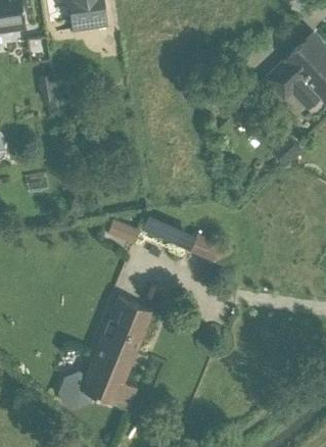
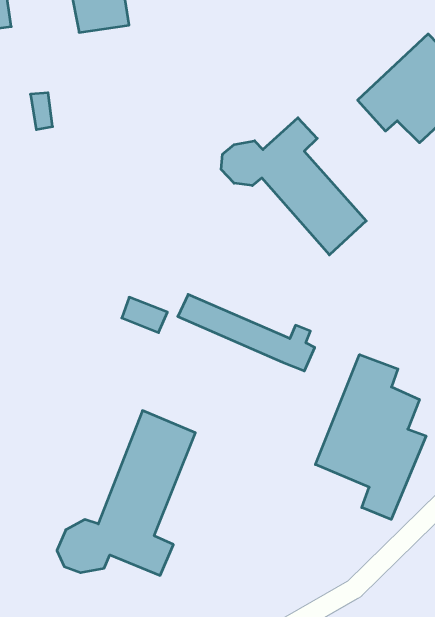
building: none -> [221,118,366,255]
building: none -> [315,355,426,519]

